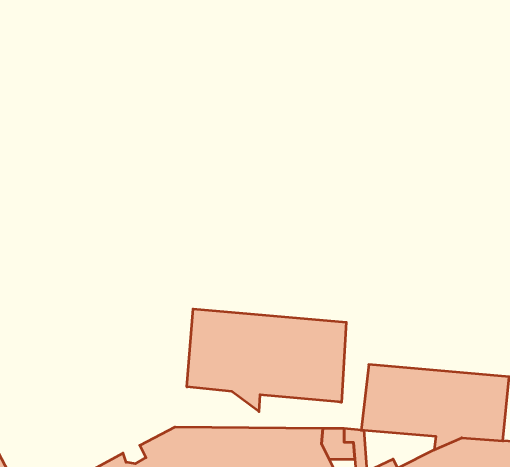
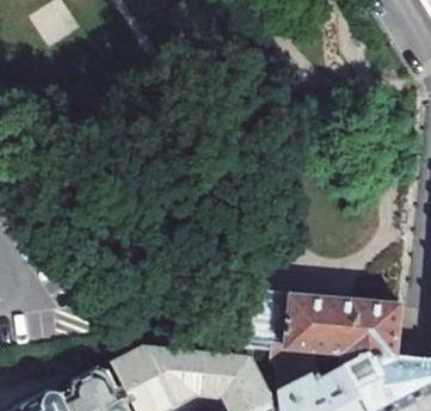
building: [187,309,346,412] -> none

